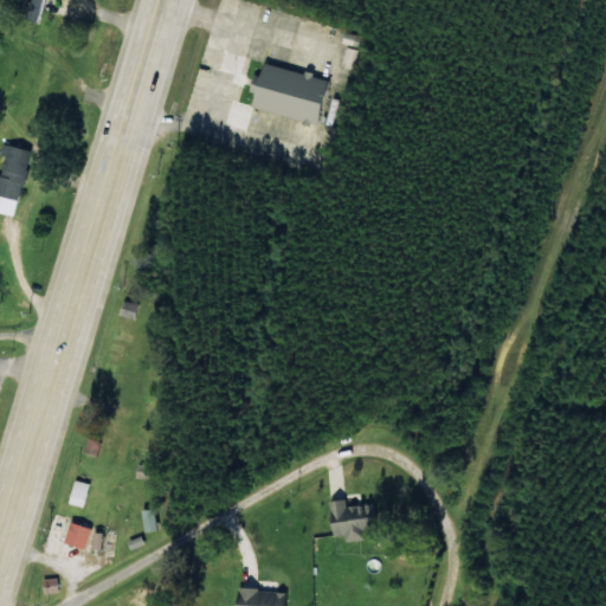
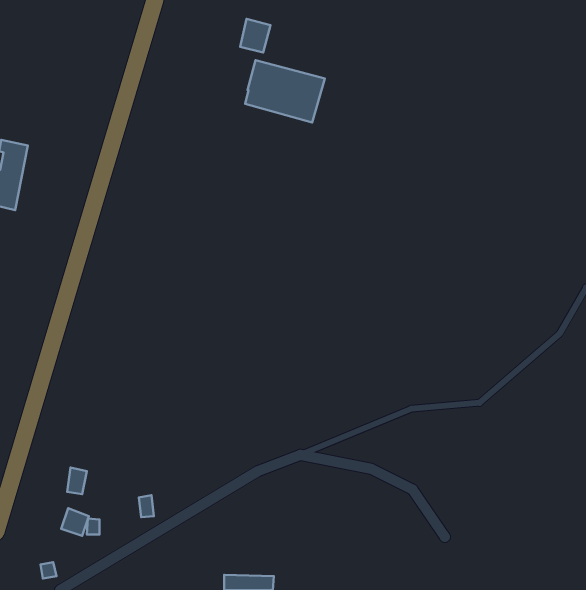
building: none -> [240,19,271,52]
building: [324,499,370,540] -> none

